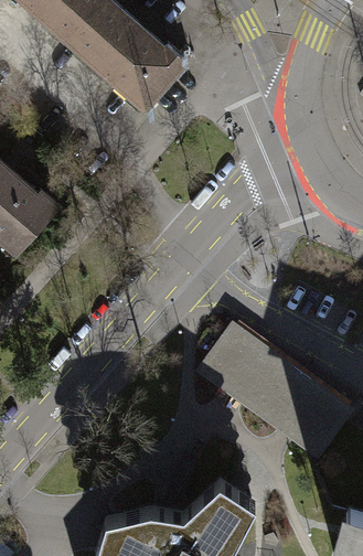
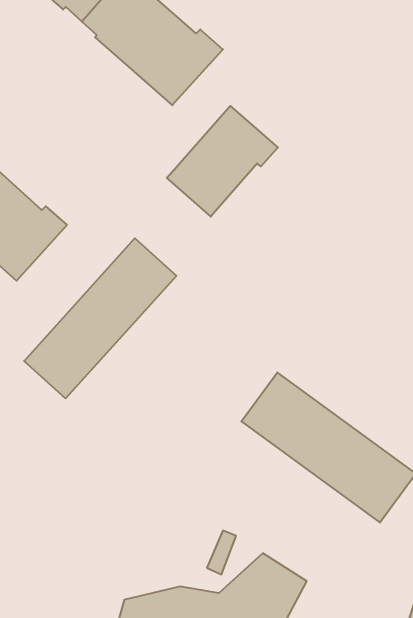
building: none -> [167,106,278,217]
building: none -> [24,238,176,398]

